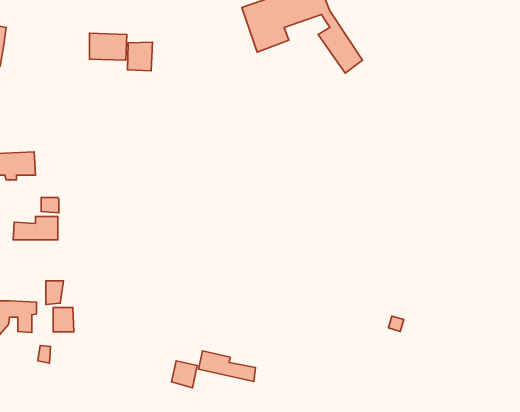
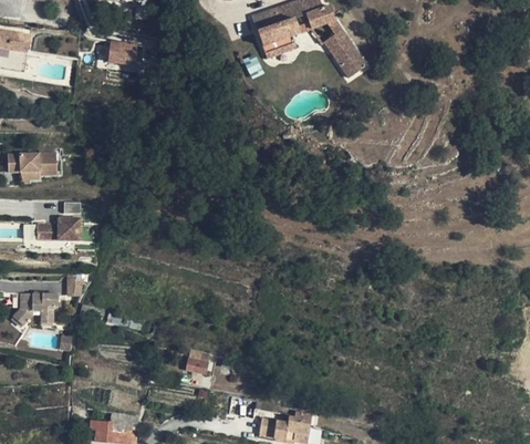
building: [127,42,152,71] -> none
building: [53,308,74,332] -> none
building: [198,351,256,382] -> none

